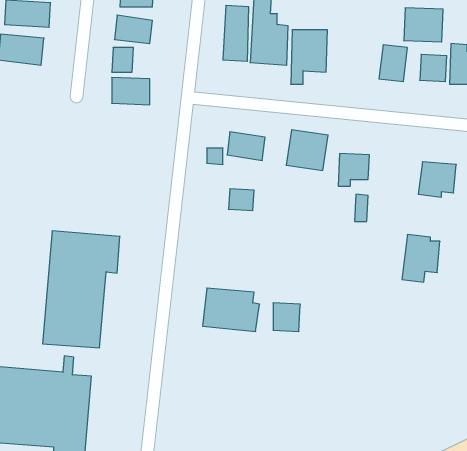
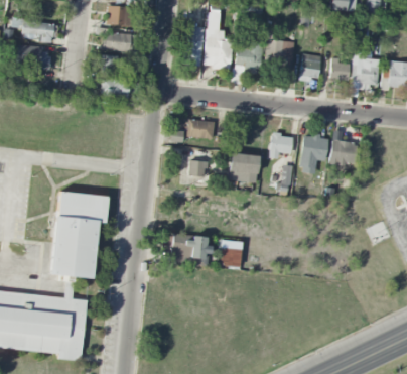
building: [404,8,443,42] -> [266,39,295,65]
building: [286,130,328,170] -> [229,152,260,182]
building: [402,235,440,282] -> [300,133,328,168]

